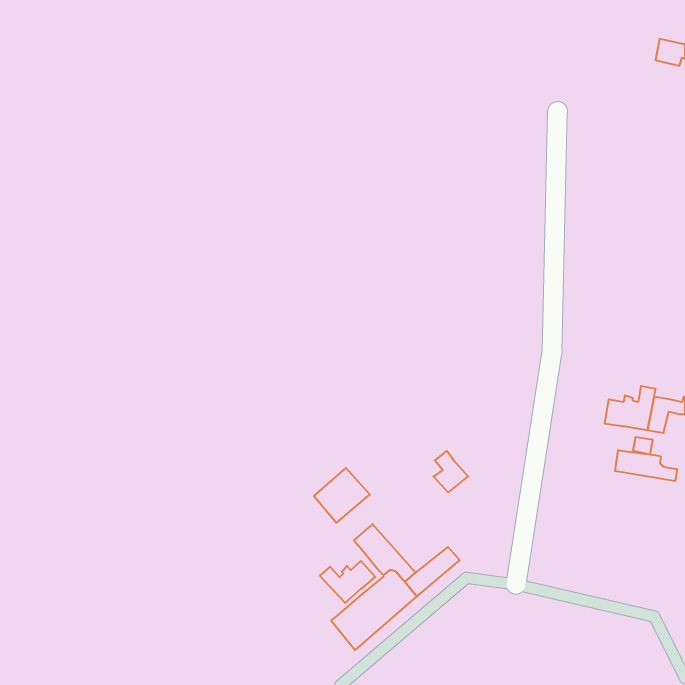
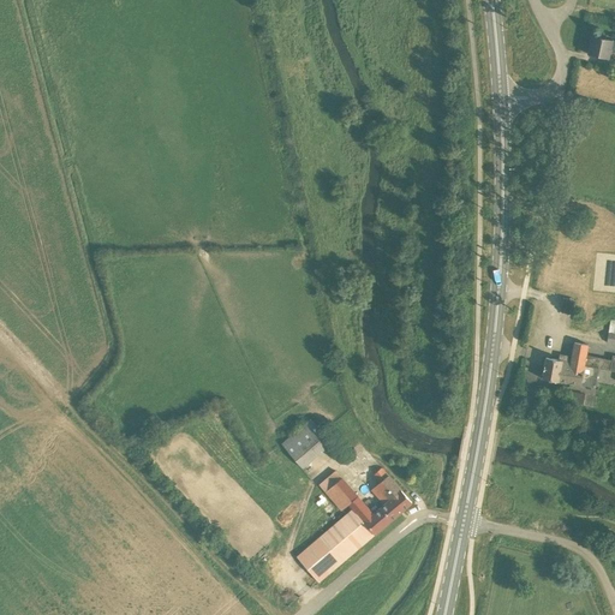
building: [615,450,677,481] -> none
building: [433,451,468,492] -> [370,467,401,504]
building: [320,561,375,603] -> none

